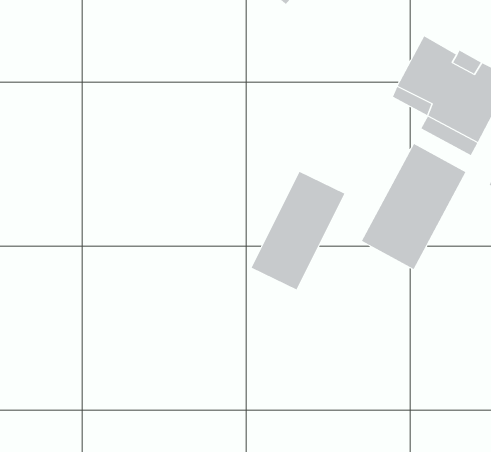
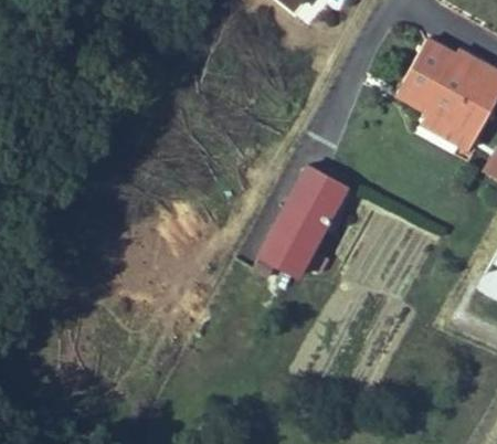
building: [361,143,466,270] -> none

